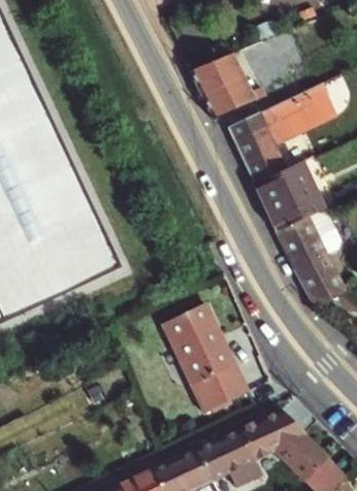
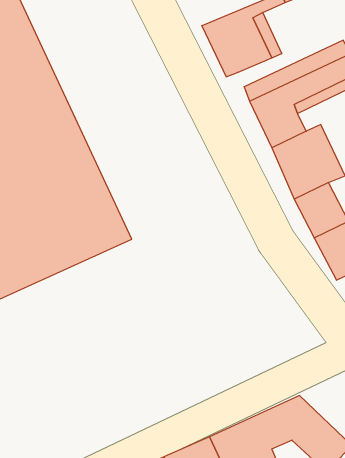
building: [160,306,242,414] -> none

